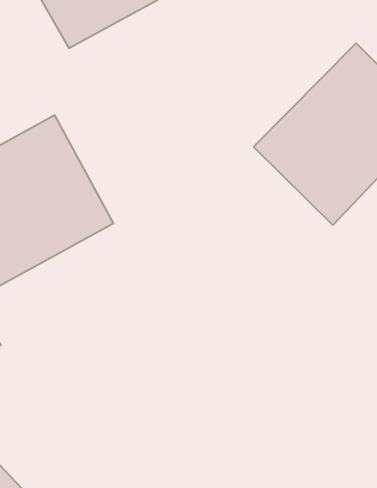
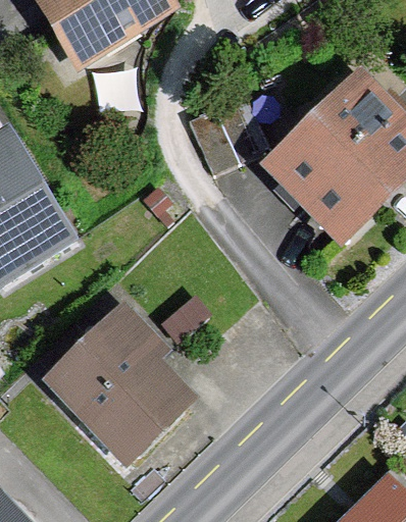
building: none -> [35,299,198,471]

